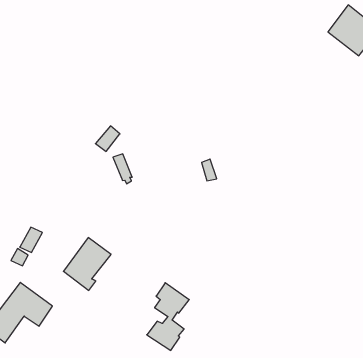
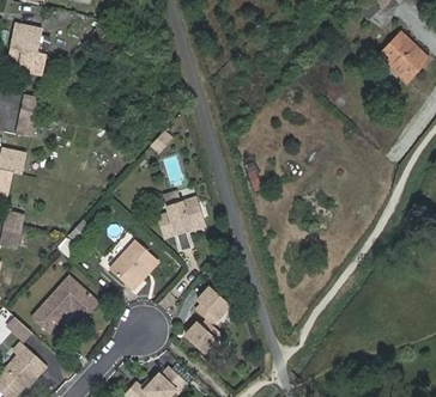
building: none -> [157,196,204,250]

